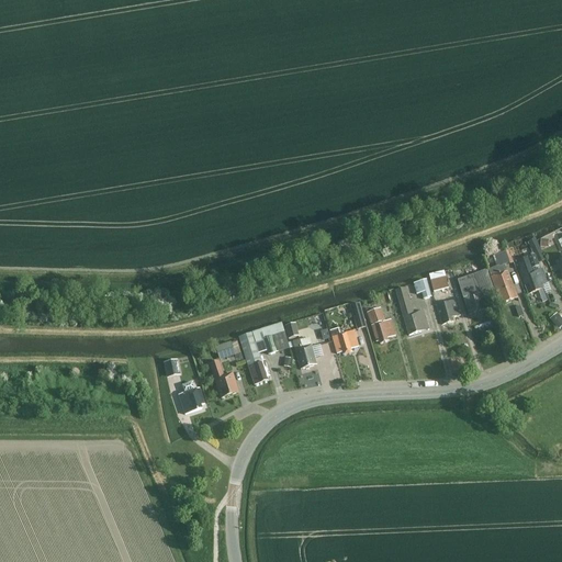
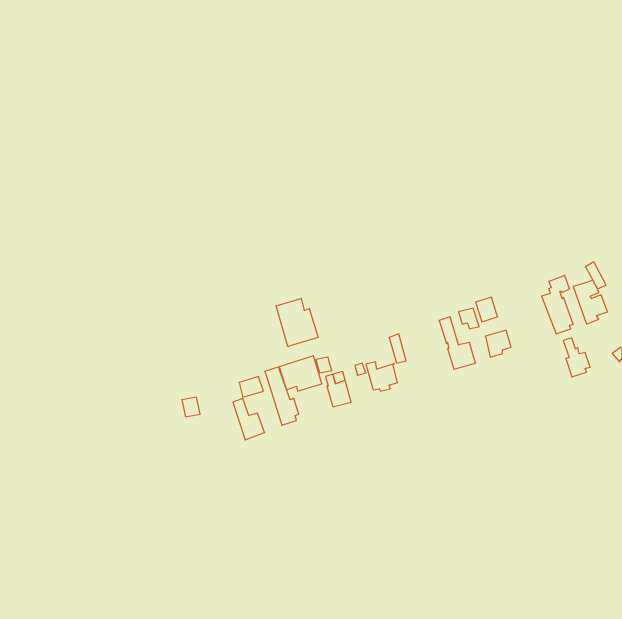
building: none -> [276,298,318,347]
building: [460,277,484,312] -> [563,338,590,377]
building: [364,300,395,341] -> none
building: [178,386,204,412] -> none

